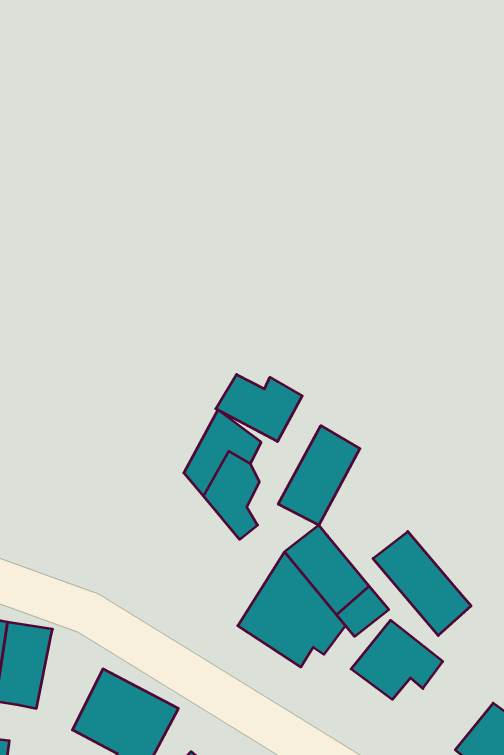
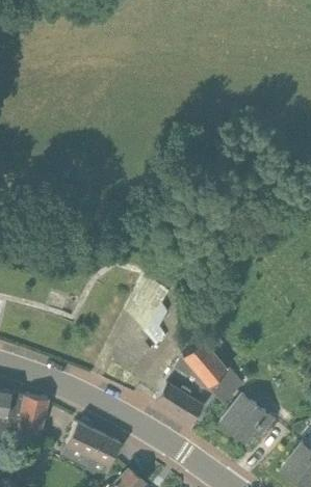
building: [216,374,302,442] -> none
building: [278,426,360,525] -> none
building: [373,531,471,636] -> none

